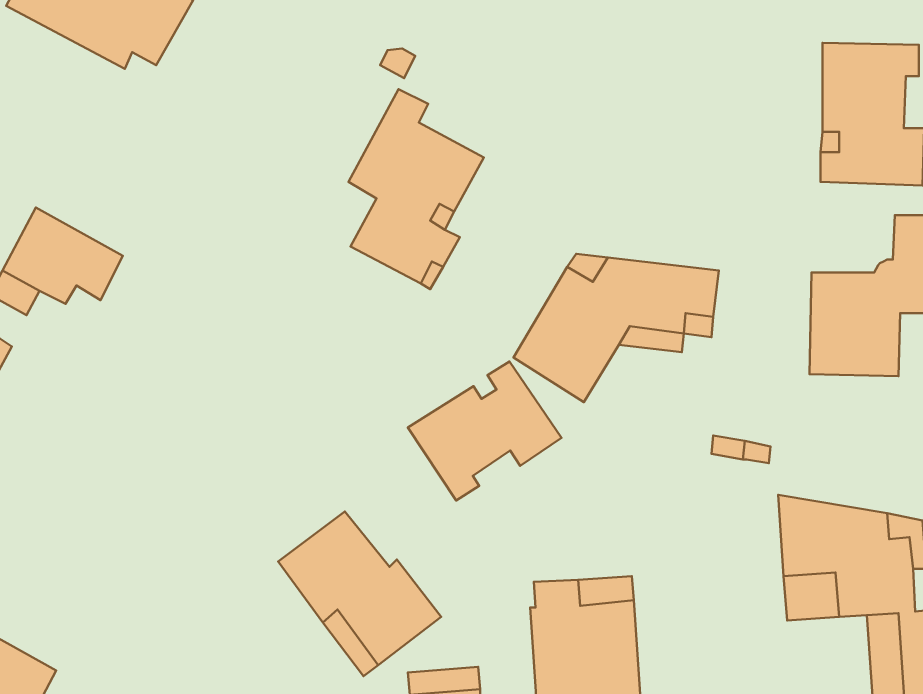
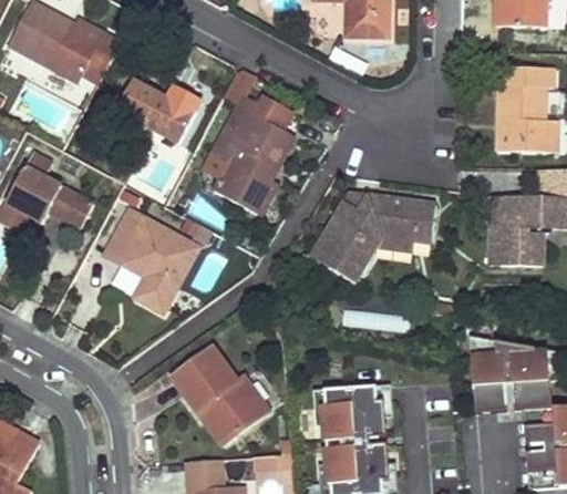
building: none -> [116,79,194,143]
building: none -> [106,209,198,312]
building: [408,361,562,501] -> none

